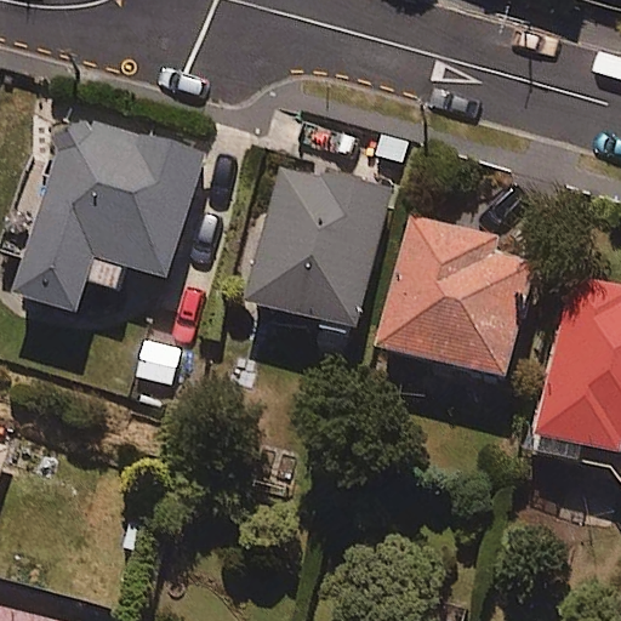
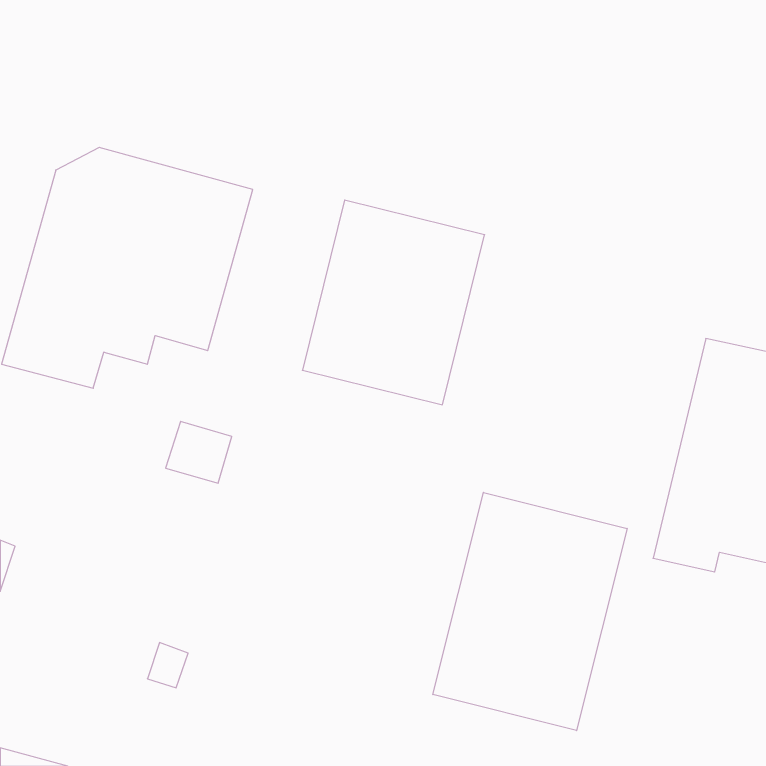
building: [376,211,535,380] -> none
building: none -> [433,492,627,731]

